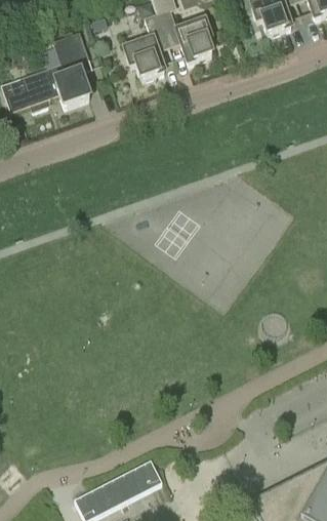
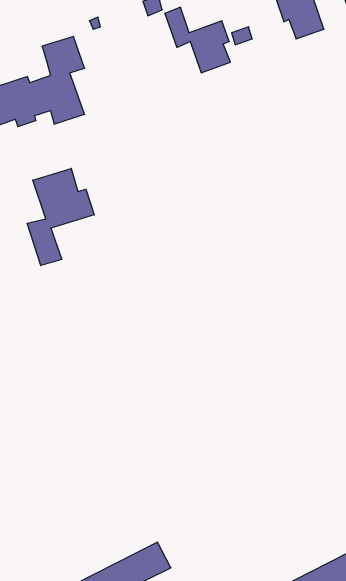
building: [124,14,167,81] -> none
building: none -> [27,168,94,266]

